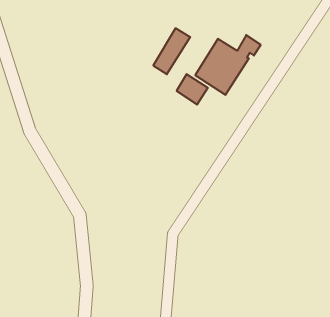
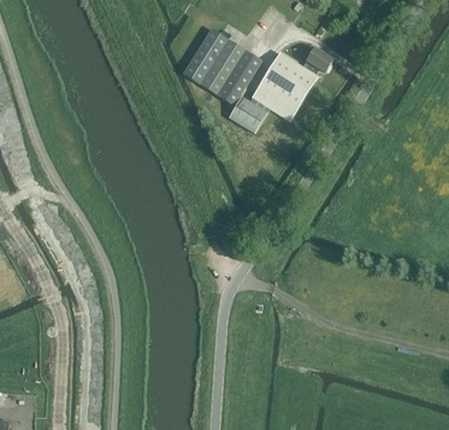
building: none -> [183,29,228,84]
building: none -> [217,49,261,102]

